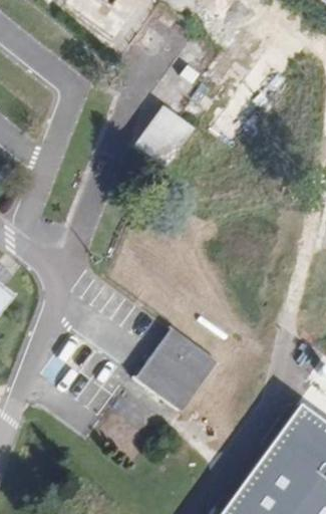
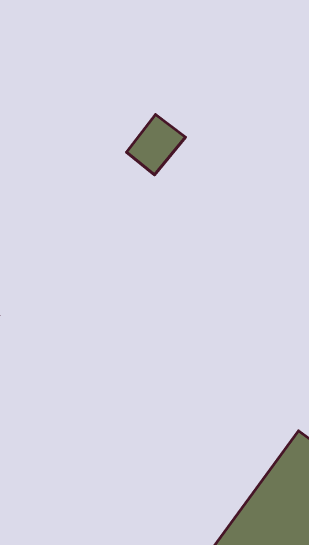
building: [135,325,219,407] -> none

